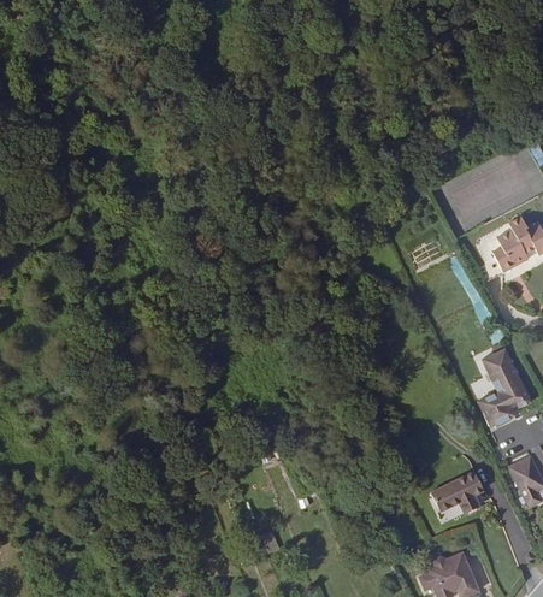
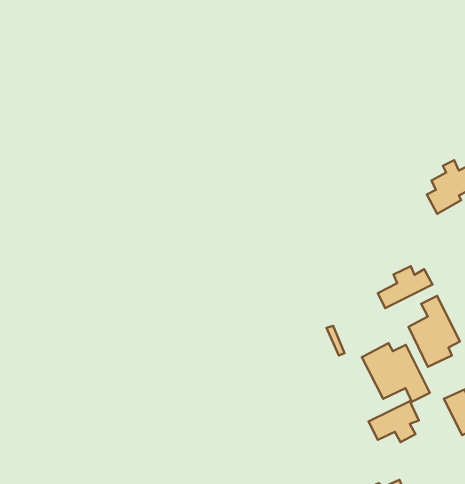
building: none -> [378,266,432,308]
building: none -> [362,343,430,402]

